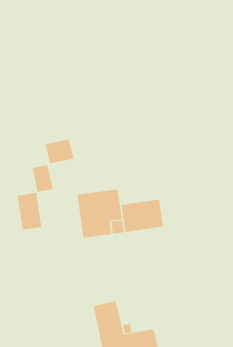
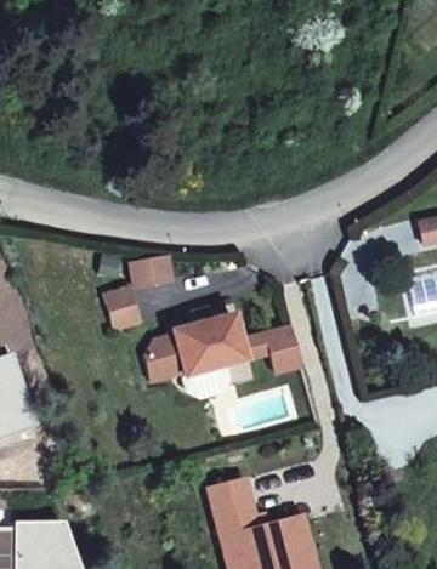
building: [17,192,42,230] -> [144,332,185,389]

